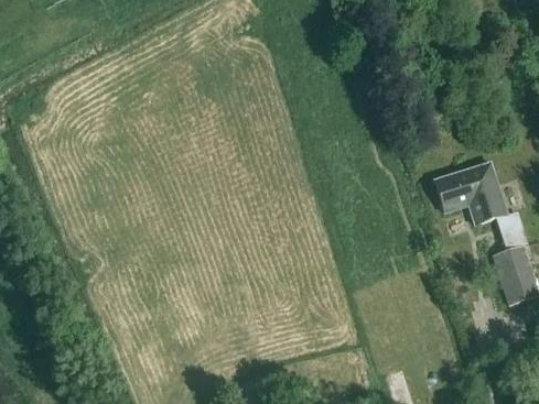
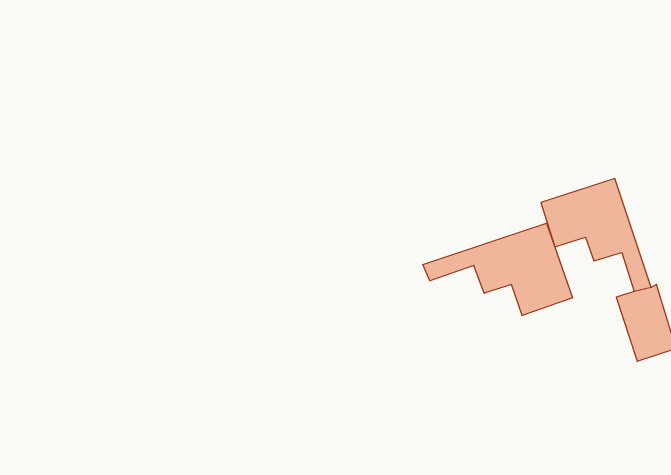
building: none -> [423,223,573,316]

